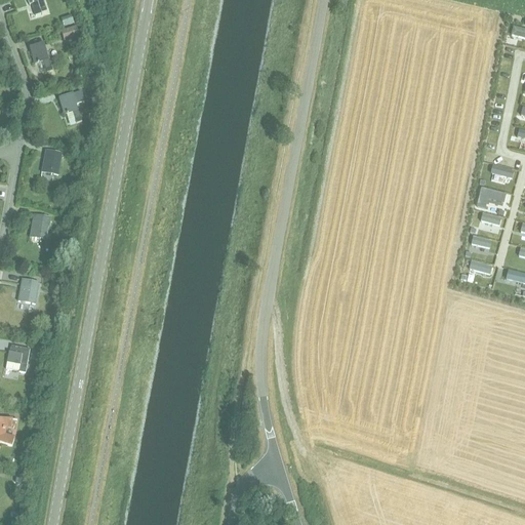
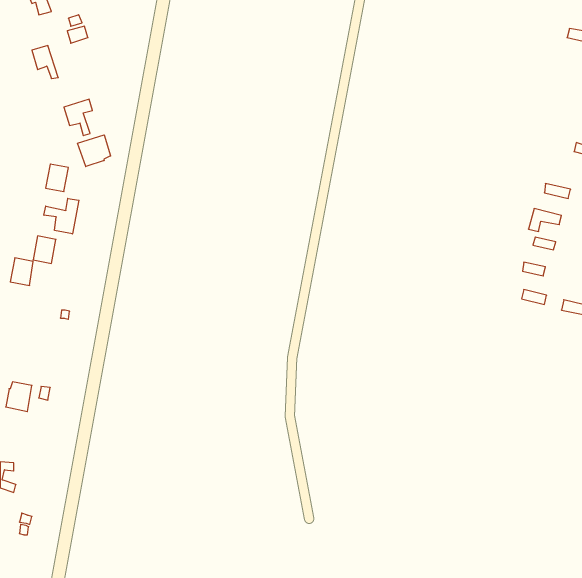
building: none -> [78,135,111,167]
building: none -> [44,198,79,234]
building: [18,277,39,301] -> [10,258,33,285]

